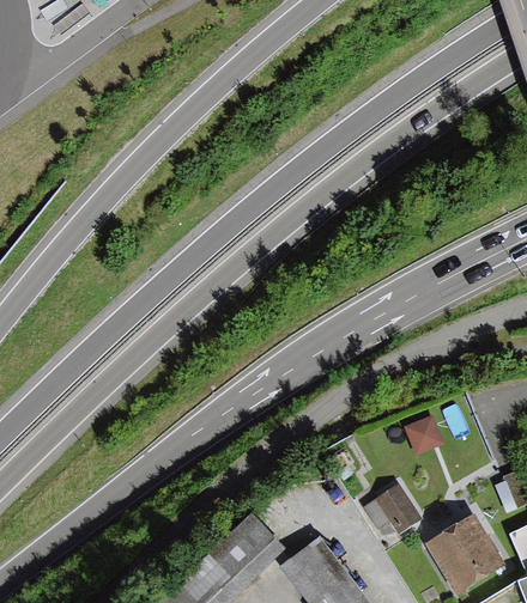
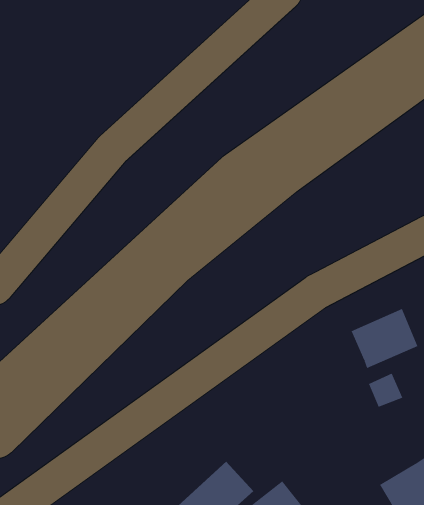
building: none -> [351,308,418,369]
building: [363,483,420,534] -> none

